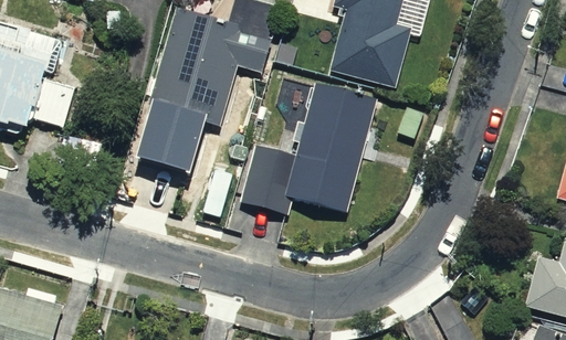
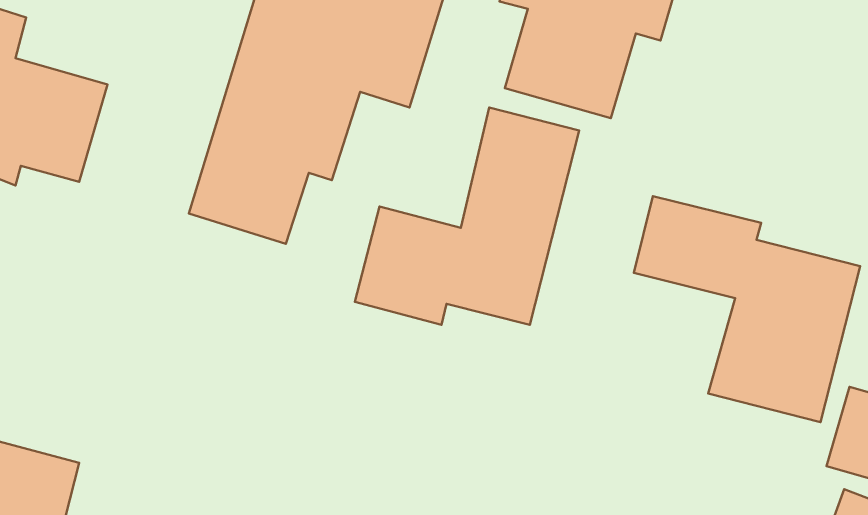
building: none -> [634,196,860,422]

